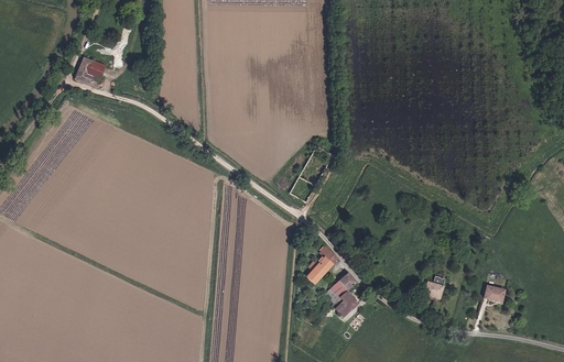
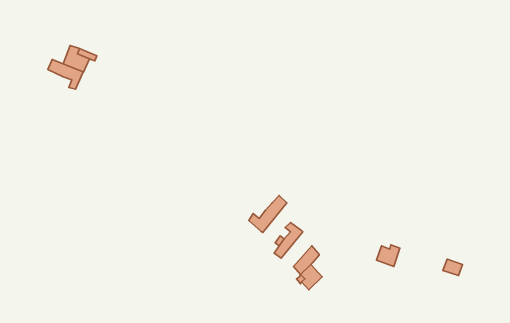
building: none -> [48,60,83,89]
building: none -> [249,196,287,233]

